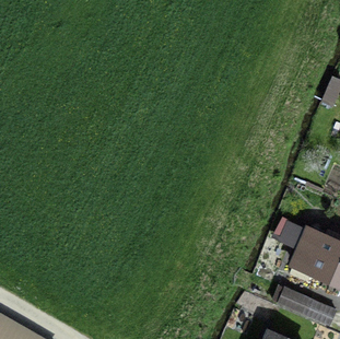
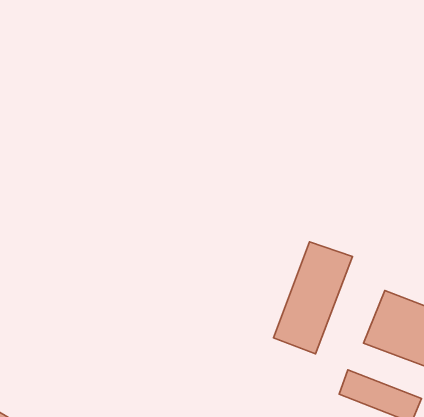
building: none -> [274,242,352,354]

